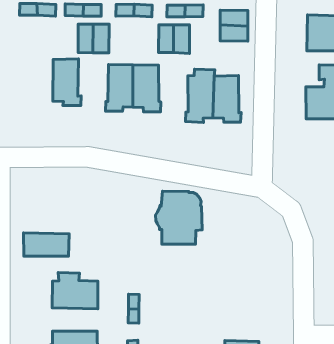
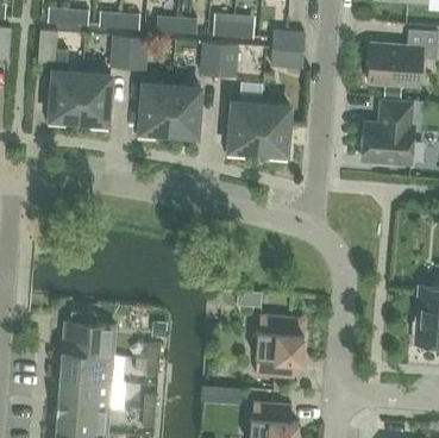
building: none -> [38,30,82,124]
building: [155,191,202,244] -> [251,315,303,377]
building: [23,233,69,256] -> [61,352,113,382]

